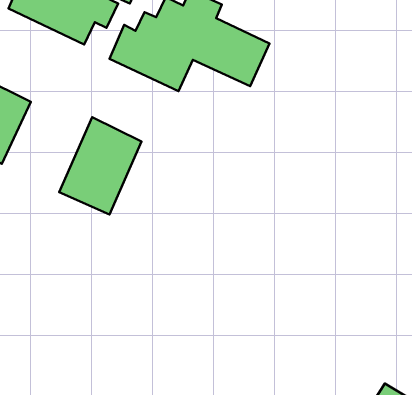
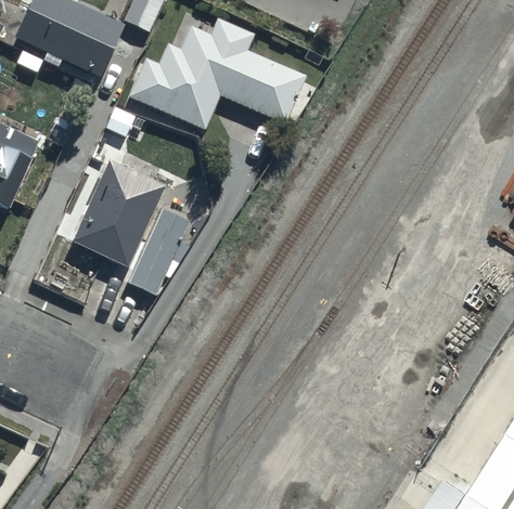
building: none -> [125,207,188,296]

